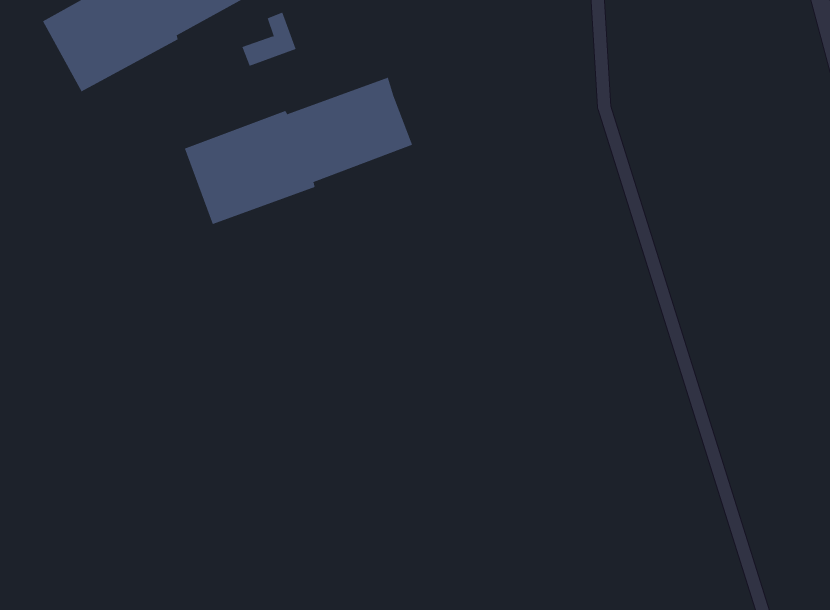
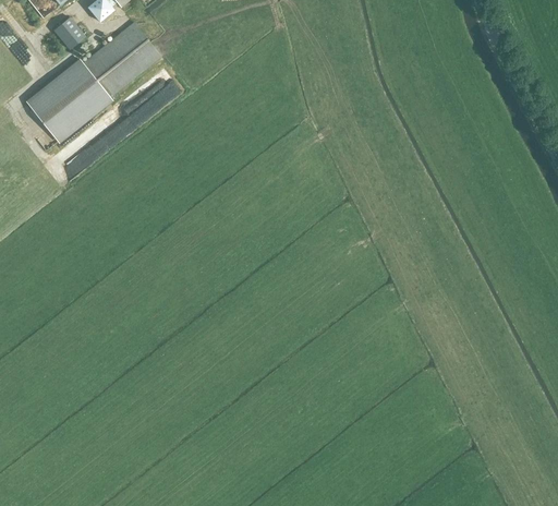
building: [184,77,413,225] -> none

